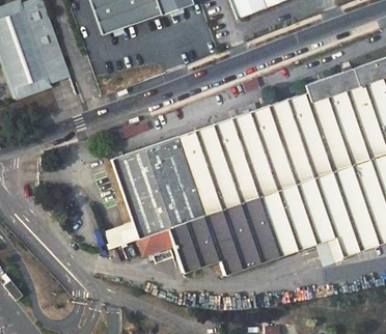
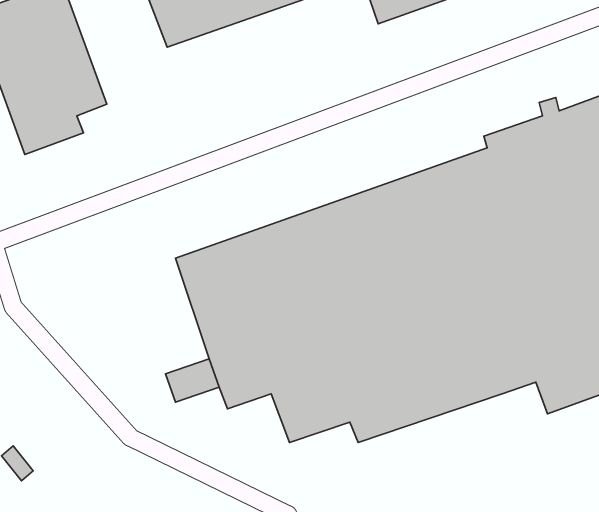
building: [313,239,343,270] -> none

